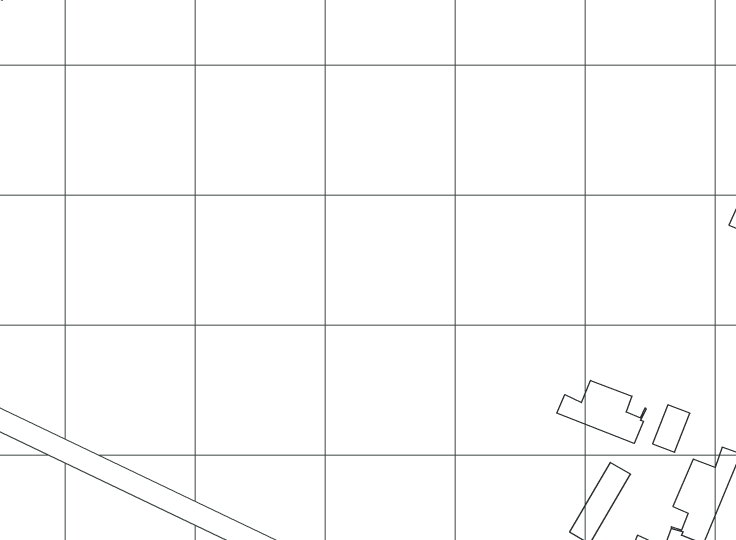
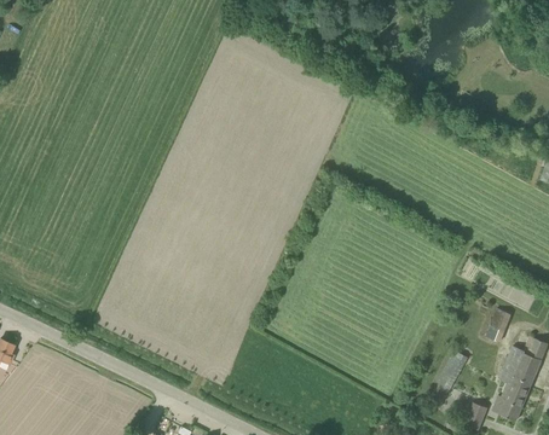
building: [557,380,646,443] -> none

